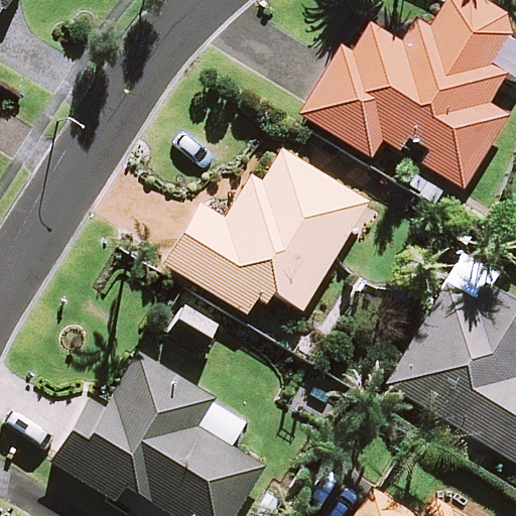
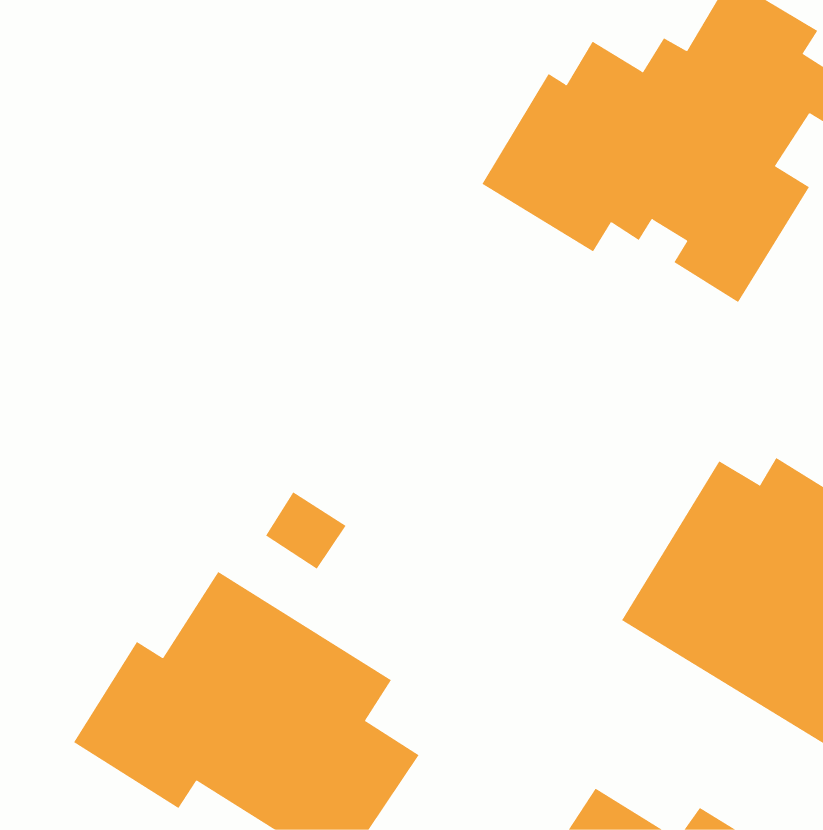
building: [165,151,367,315] -> none

